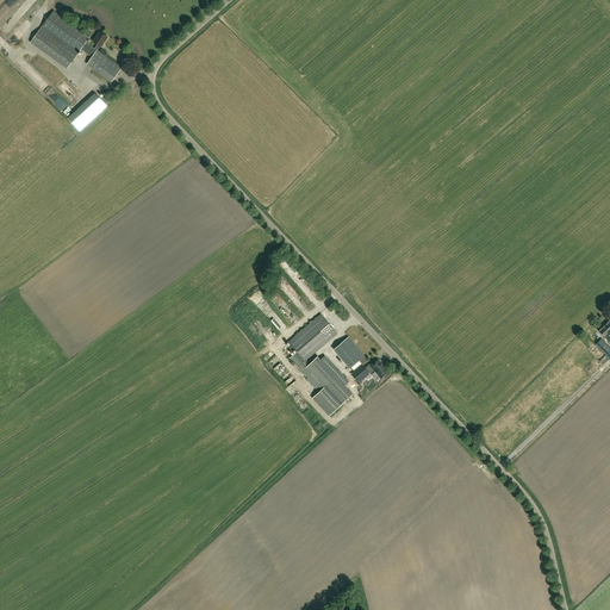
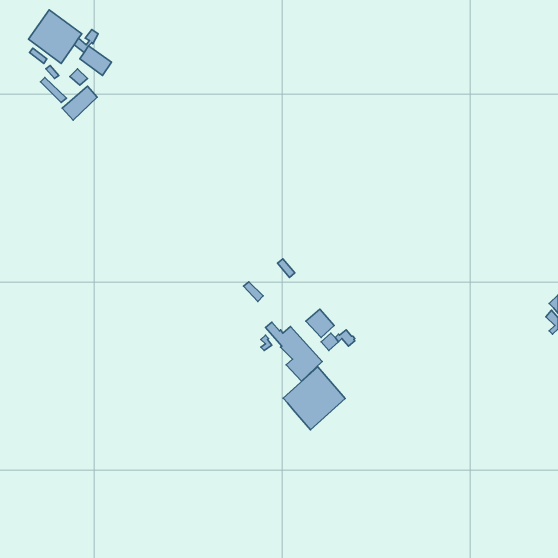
building: [288,315,337,361] -> none
building: none -> [283,367,345,430]

